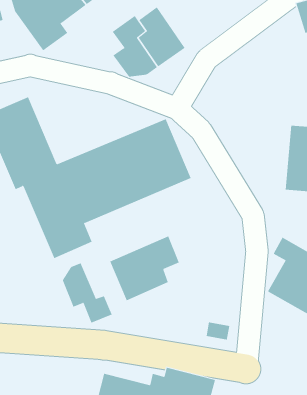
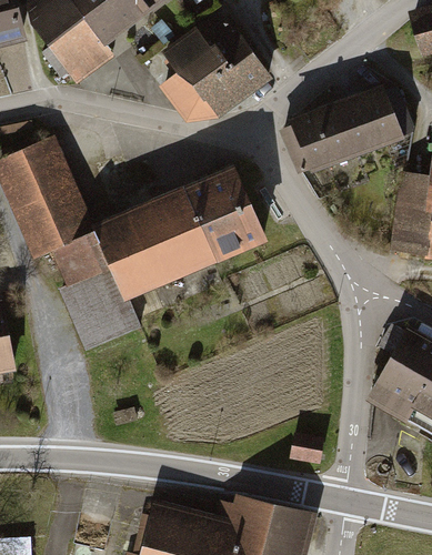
building: none -> [285,85,413,179]
building: [109,236,180,301] -> none
building: [62,263,113,323] -> none

